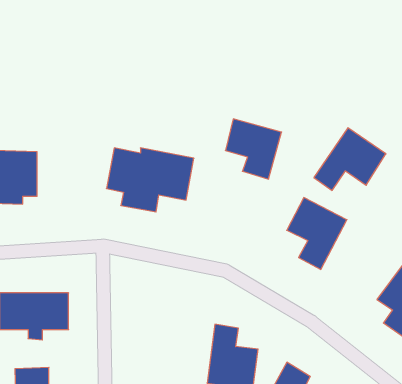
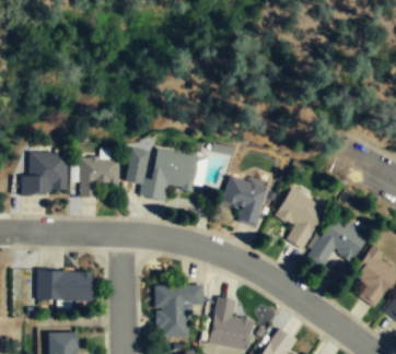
building: [225,119,282,179] -> [223,178,270,228]
building: [314,128,386,190] -> [308,215,369,268]
building: none -> [77,155,120,198]
building: none -> [155,284,203,338]

